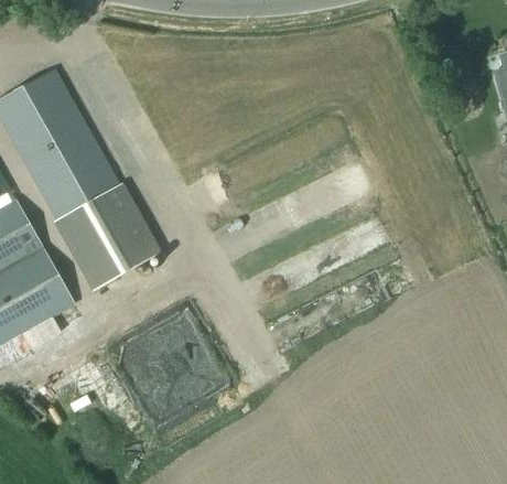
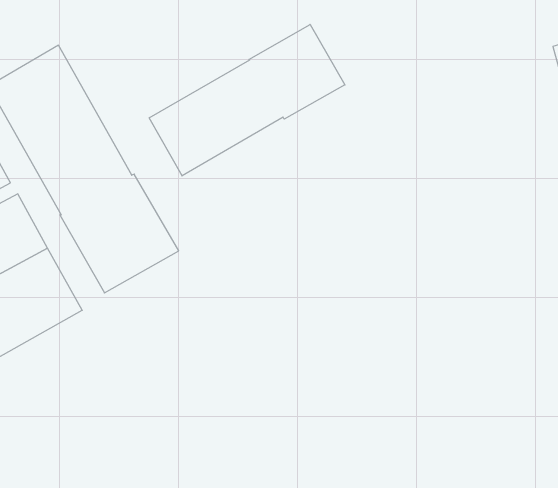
building: none -> [149,24,345,176]

